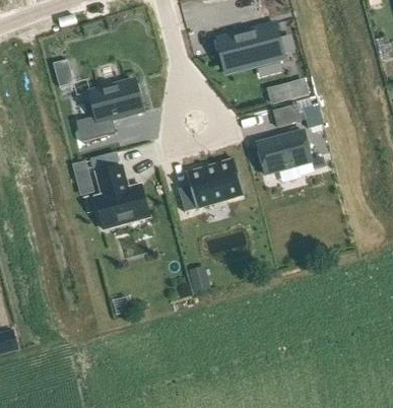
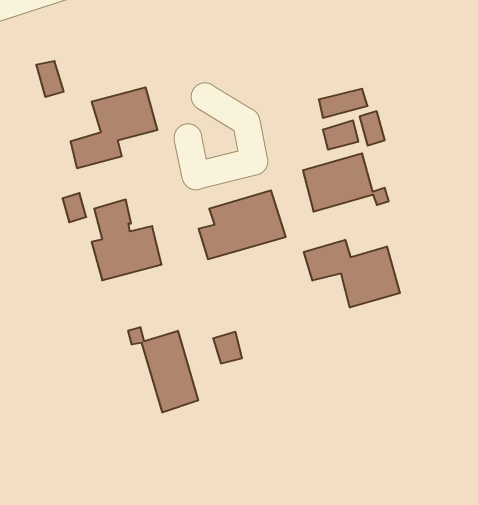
building: [215,25,284,73] -> none
building: none -> [304,240,400,308]
building: none -> [128,327,198,412]

